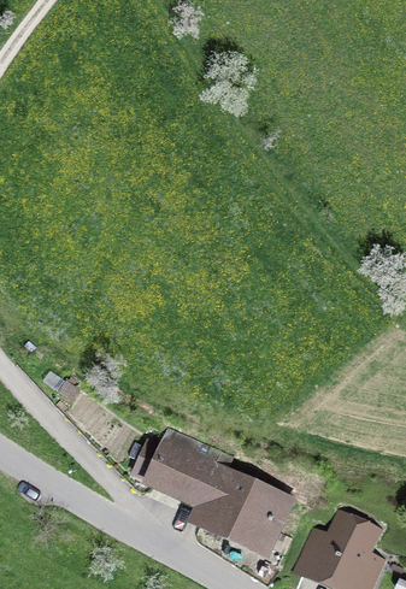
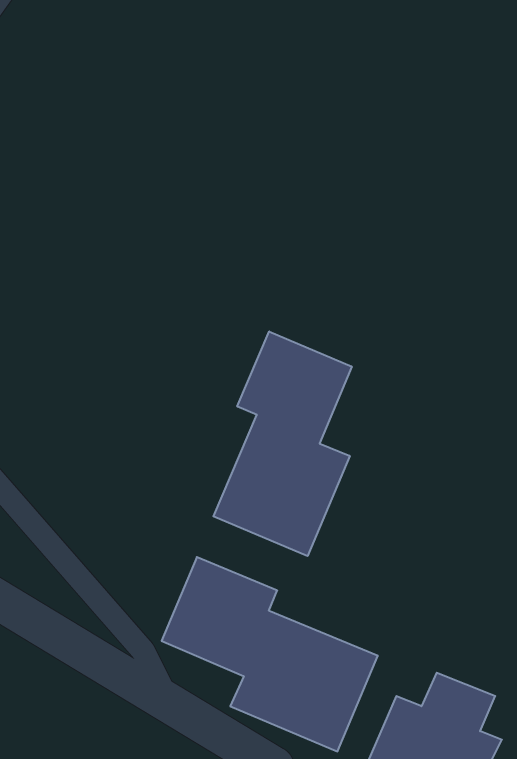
building: none -> [213,331,352,556]

